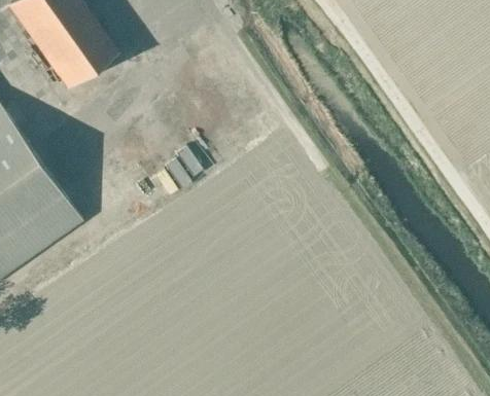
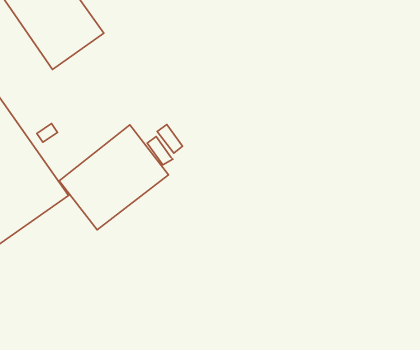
building: none -> [59,125,168,230]

